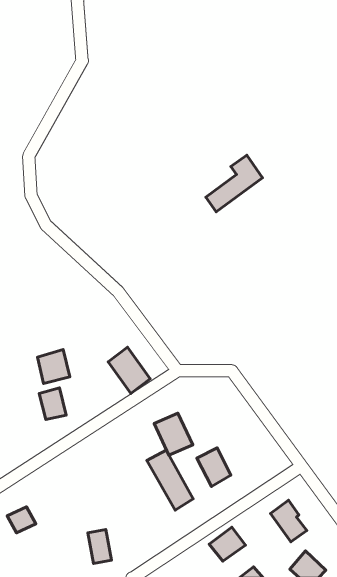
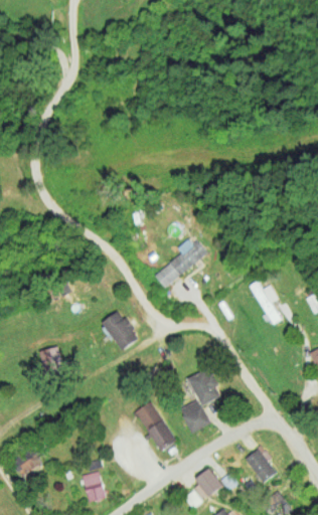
building: [206,155,263,212] -> [155,236,205,287]
building: none -> [250,281,282,324]
building: [37,350,70,384] -> none
building: [154,413,193,455] -> [188,368,222,405]

